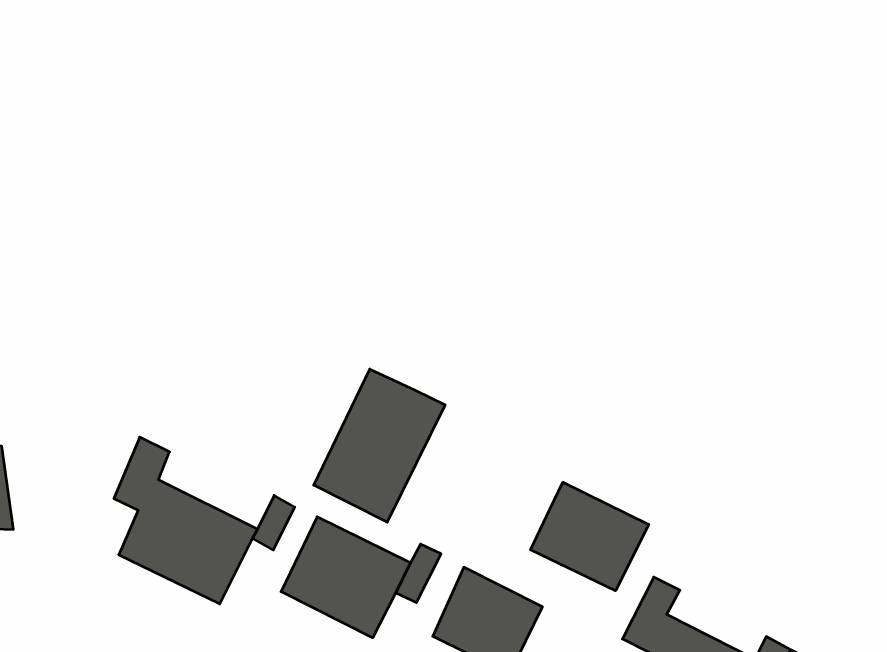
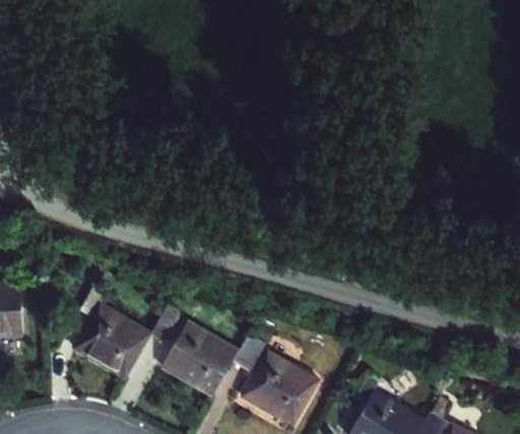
building: [314,369,445,522] -> none
building: [531,482,649,591] -> none

